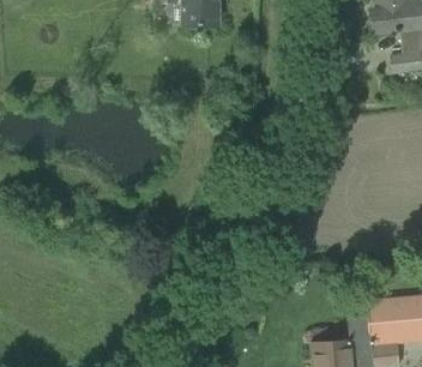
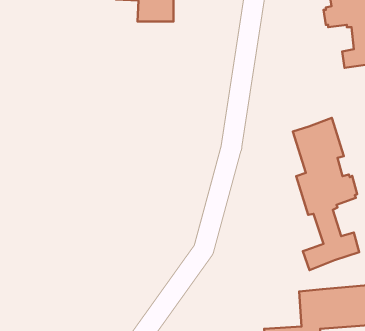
building: none -> [293,118,359,270]

